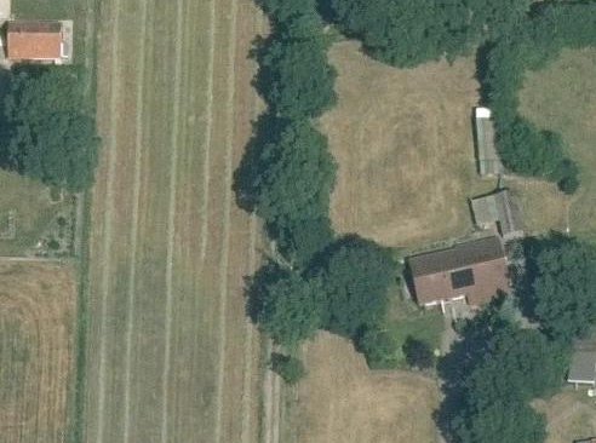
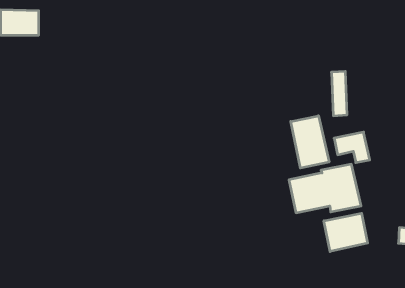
building: none -> [291,116,329,168]
building: none -> [324,213,368,252]

